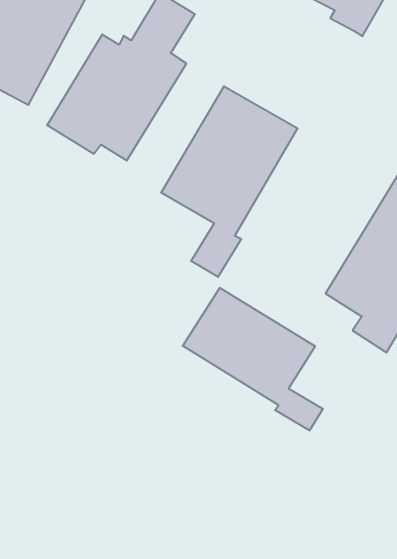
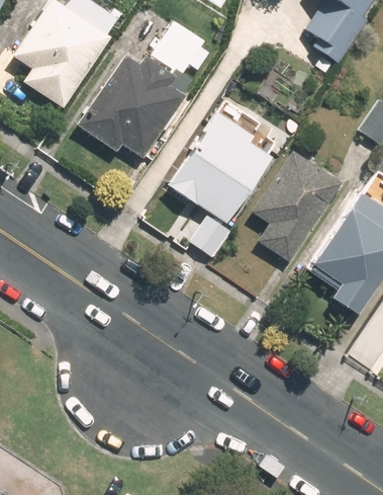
building: none -> [250,149,345,263]
building: [183,288,323,431] -> none

